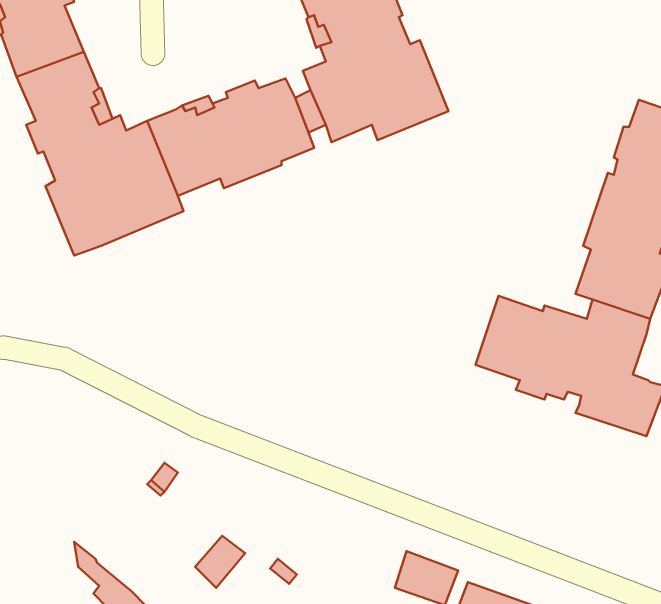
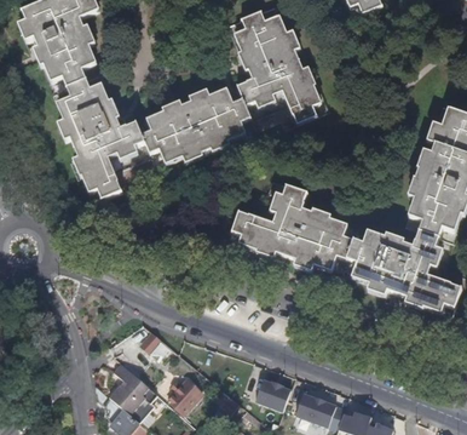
building: none -> [231,182,359,271]
building: none -> [106,361,148,414]
building: none -> [253,376,289,408]

